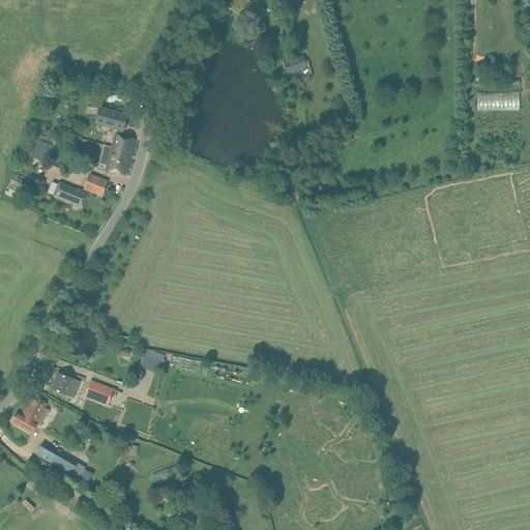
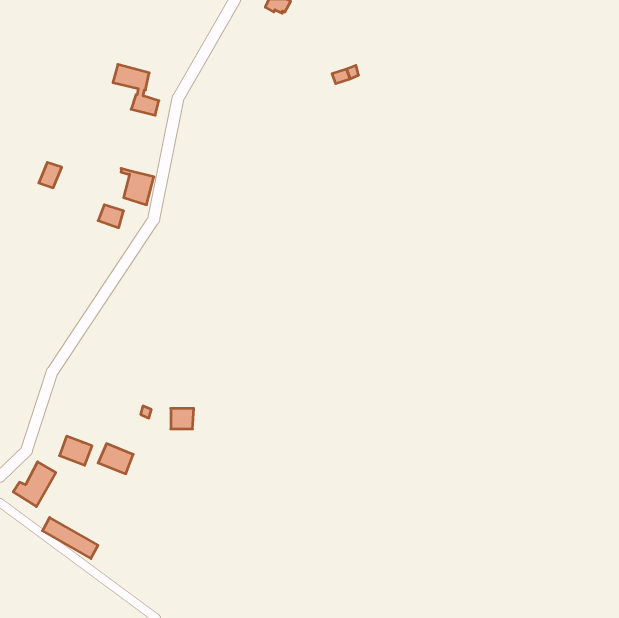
building: [95,108,135,151] -> [113,64,159,115]
building: [49,182,89,208] -> none

